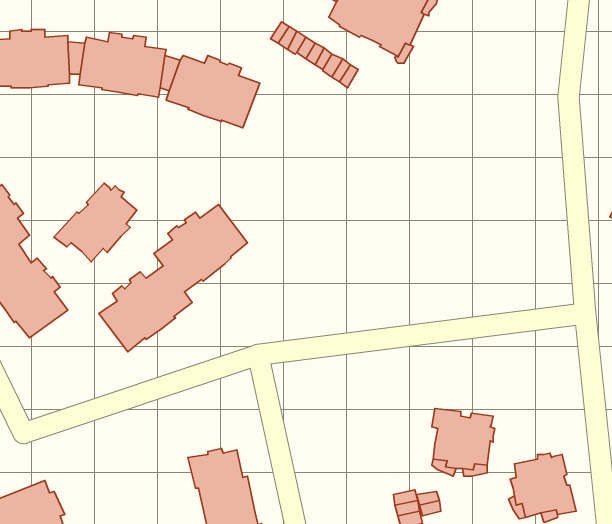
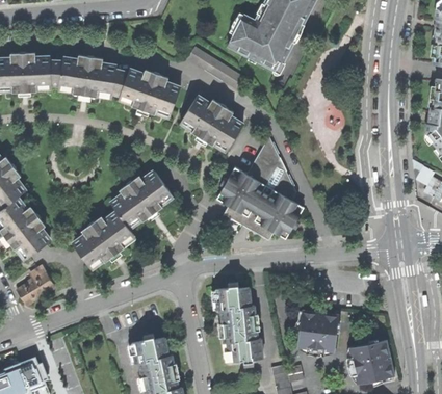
building: none -> [181,97,243,152]
building: none -> [216,136,304,240]
building: [54,183,137,262] -> none
building: none -> [17,265,54,305]
building: none -> [216,284,263,362]

